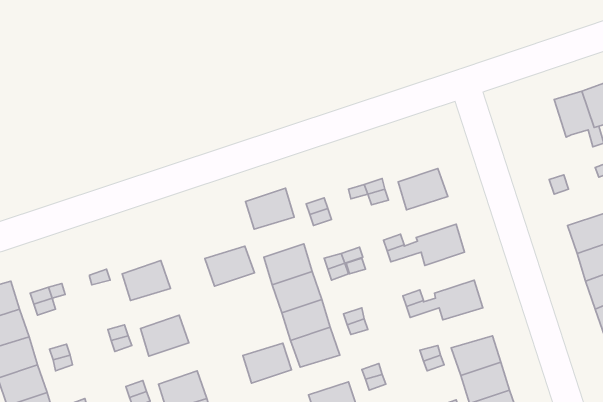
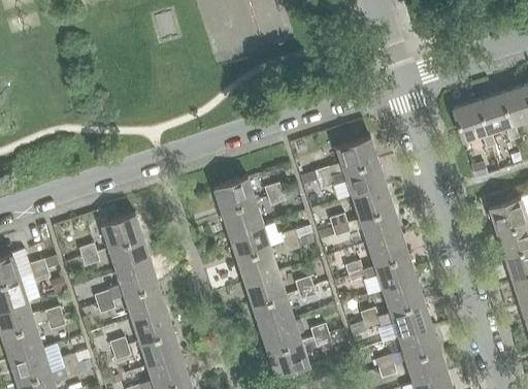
building: none -> [451,99,495,147]
building: none -> [334,134,376,169]
building: none -> [350,182,392,217]
building: none -> [99,212,140,248]
building: [205,246,255,286] -> [220,199,262,233]
building: none -> [365,229,407,264]
building: none -> [114,260,156,294]
building: none -> [381,277,423,311]
building: none -> [130,306,171,342]
building: [243,343,291,383] -> [259,317,300,351]

